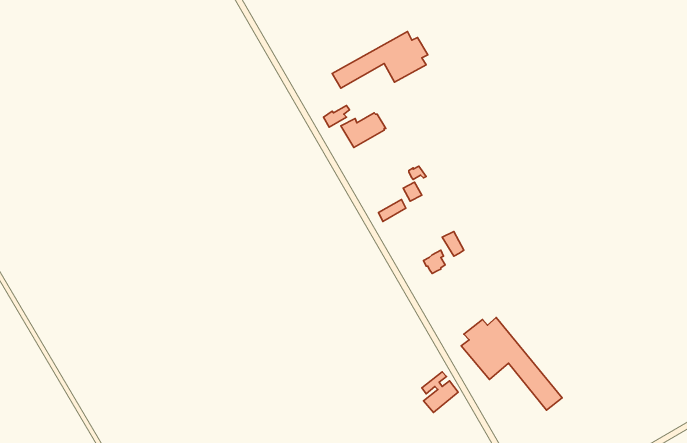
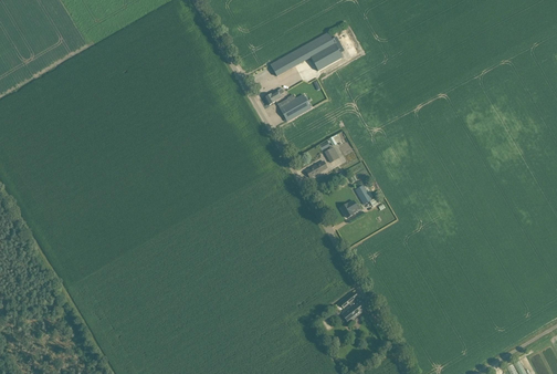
building: [461,318,562,410] -> none

